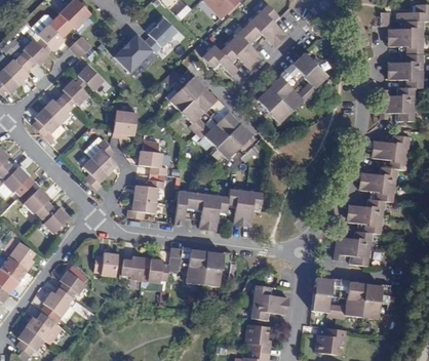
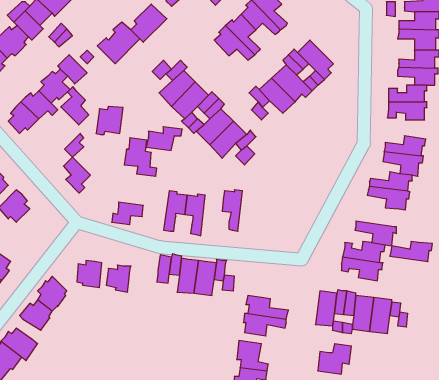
building: [202,43,237,74] -> none
building: [90,138,116,173] -> [61,87,89,125]
building: [132,179,165,201] -> [146,127,182,150]
building: [241,188,262,226] -> none
building: [207,192,228,230] -> none
building: [349,202,388,220] -> [390,241,432,262]
building: [39,204,69,233] -> none
building: [142,257,168,290] -> none

